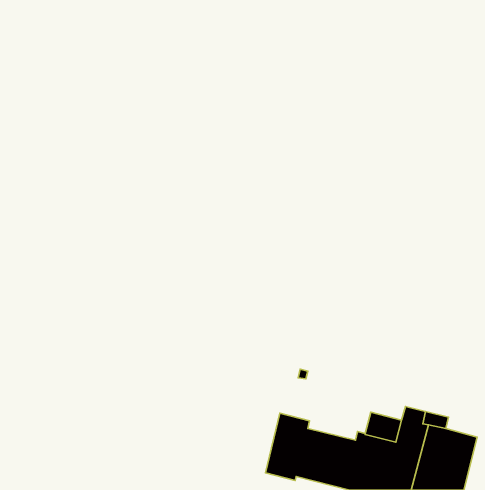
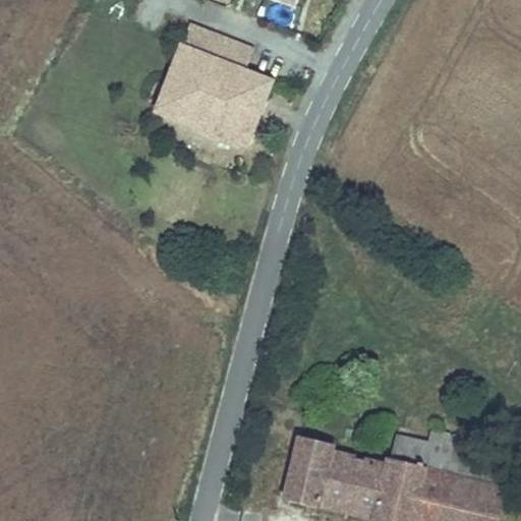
building: none -> [153,27,269,148]

